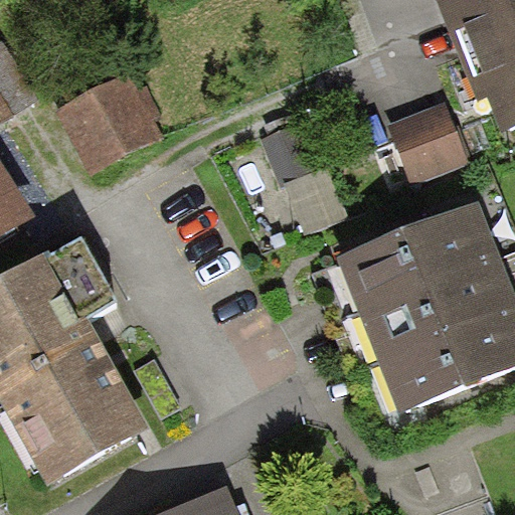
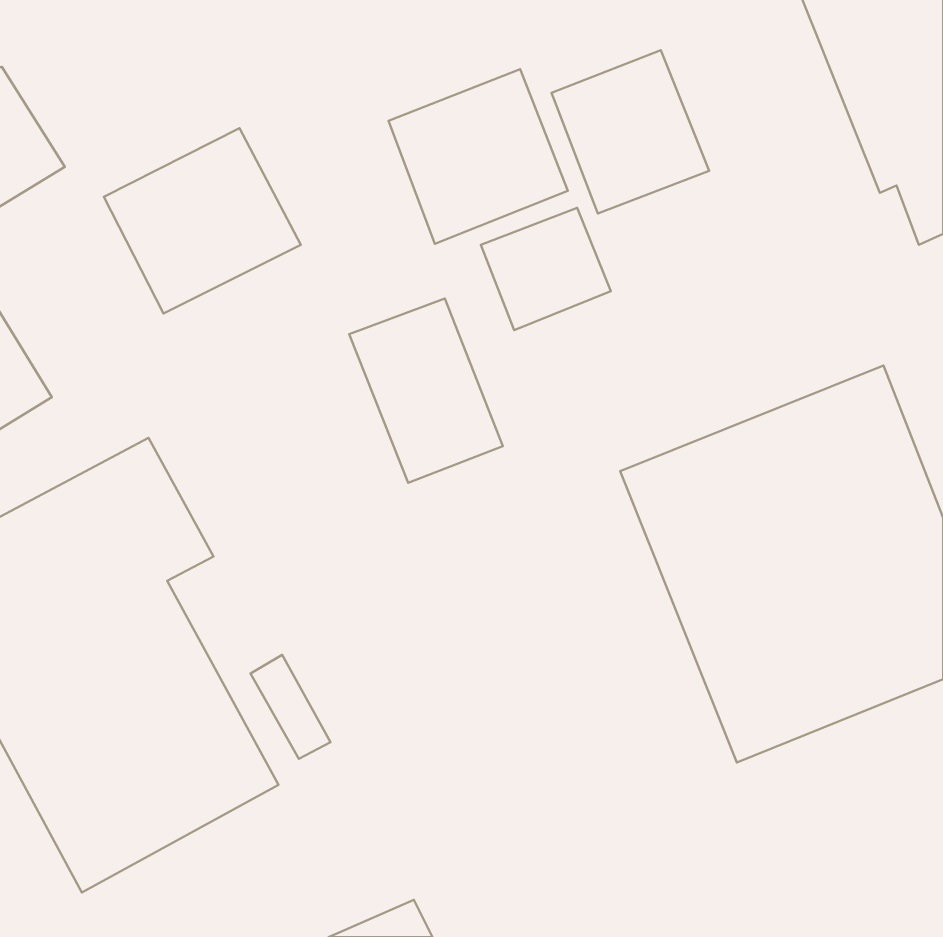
building: none -> [388,69,568,244]
building: [384,102,470,190] -> [551,50,709,214]
building: none -> [349,299,503,483]

